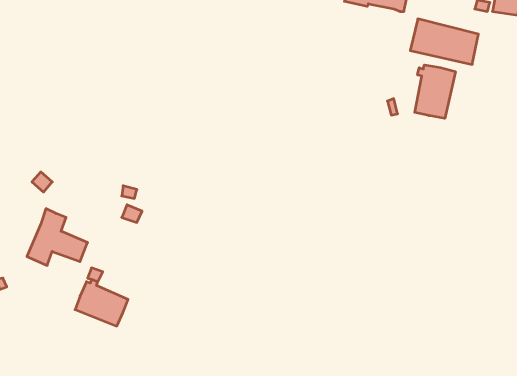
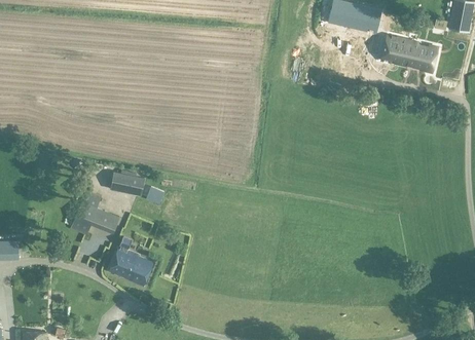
building: [415,65,455,118] -> none
building: none -> [110,172,144,194]

